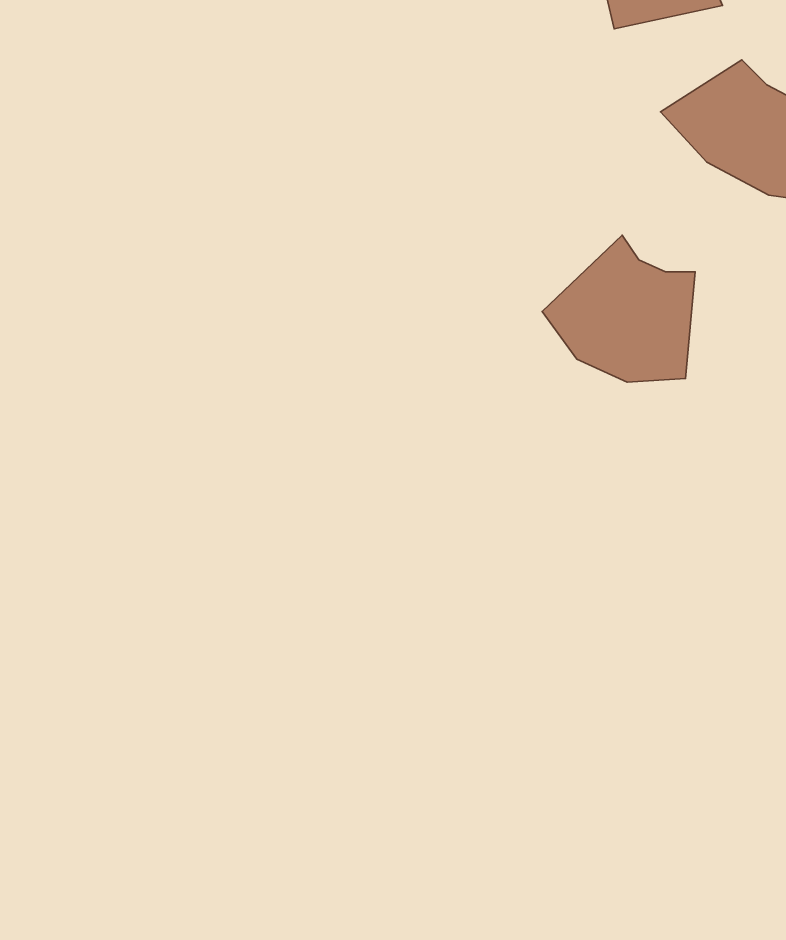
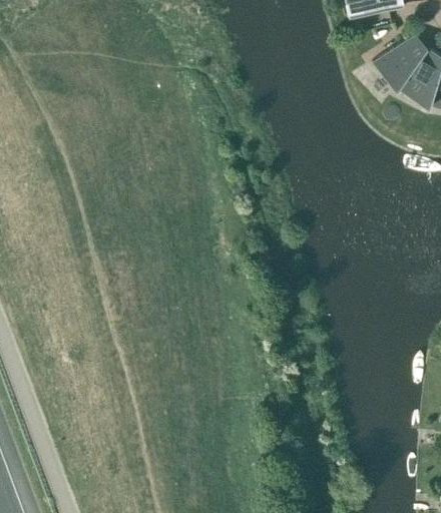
building: [542,235,695,382] -> none

